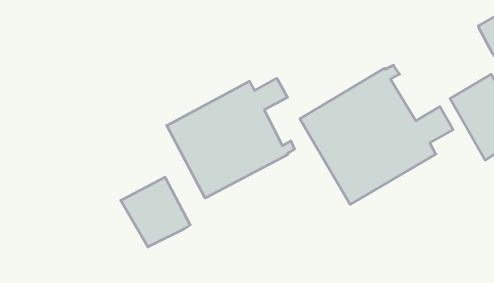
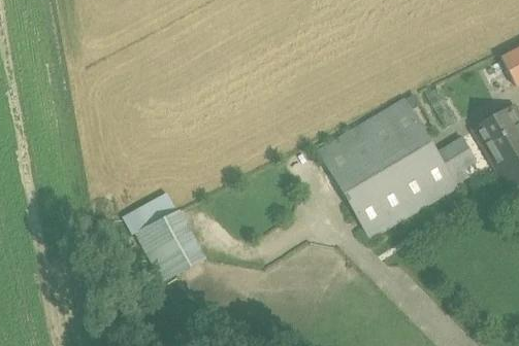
building: [167,78,295,198] -> none
building: none -> [123,193,177,234]

